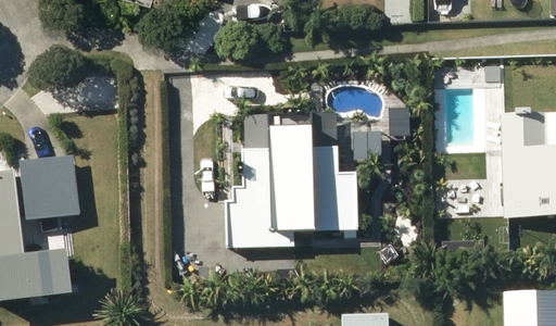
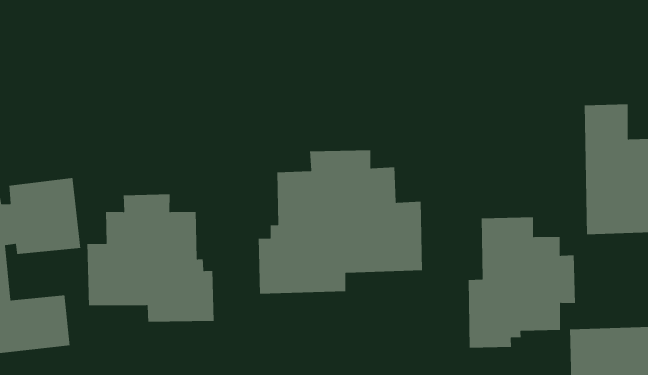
building: none -> [86,193,214,322]
building: none -> [468,216,576,349]

